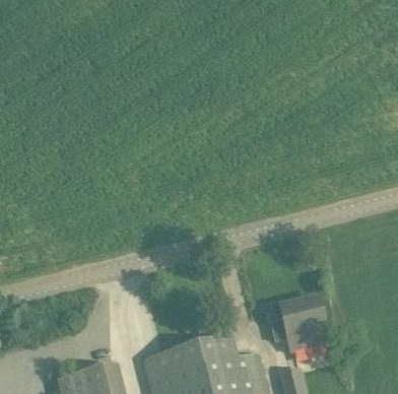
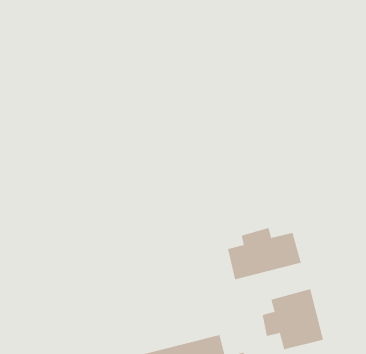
building: none -> [228,227,302,280]

